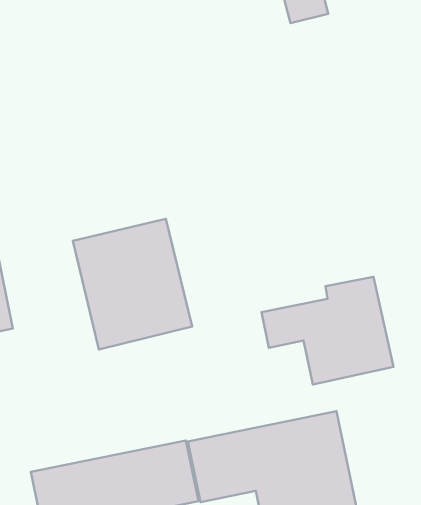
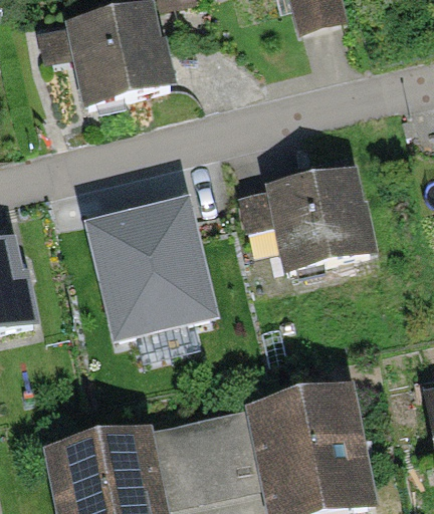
building: none -> [41,7,169,103]
building: [262,277,393,384] -> [239,164,366,267]

